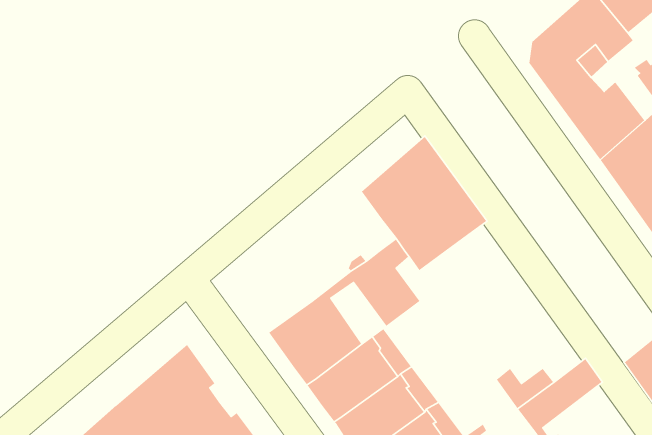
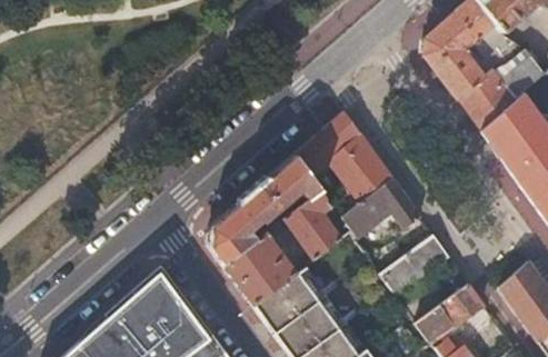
building: none -> [208,155,322,265]
building: none -> [343,178,421,236]
building: none -> [381,236,450,297]

